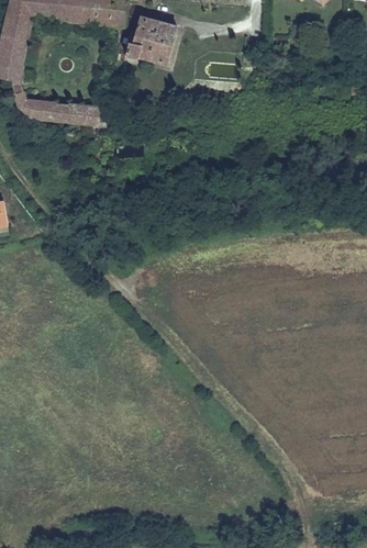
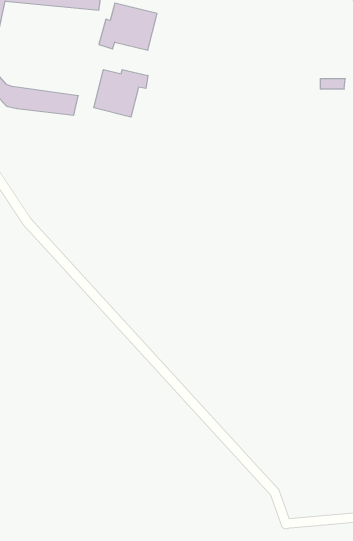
building: none -> [94,70,148,117]

